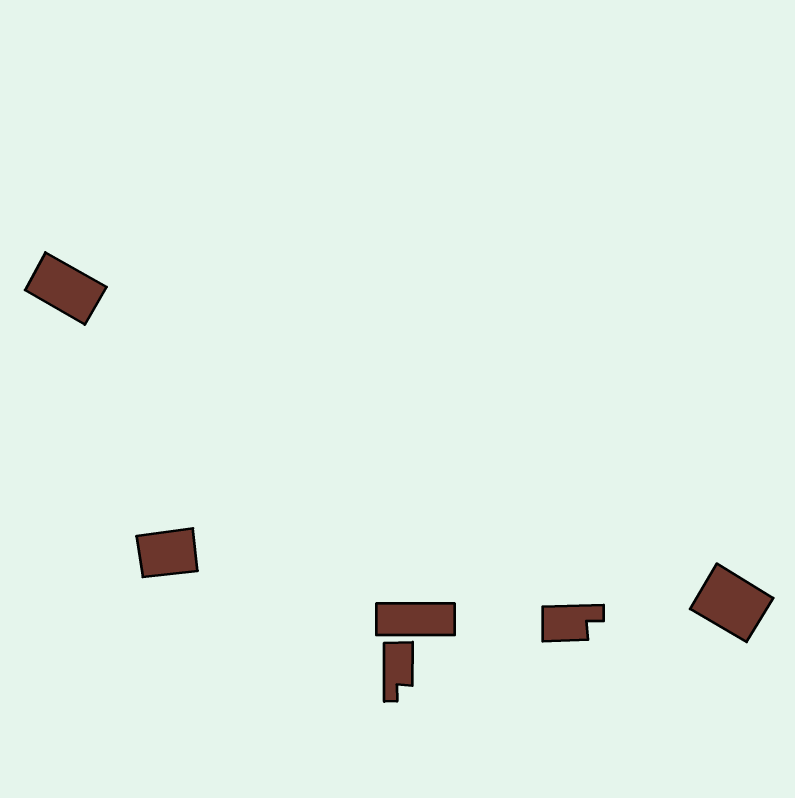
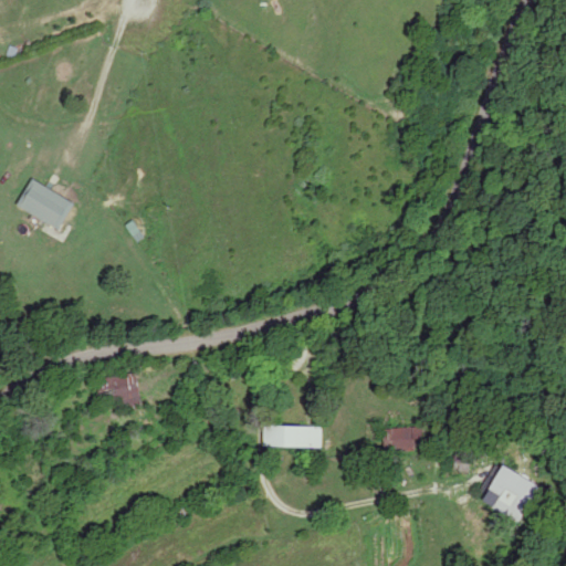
building: [690,564,773,642] -> [478,463,536,518]
building: [384,642,413,702] -> none

